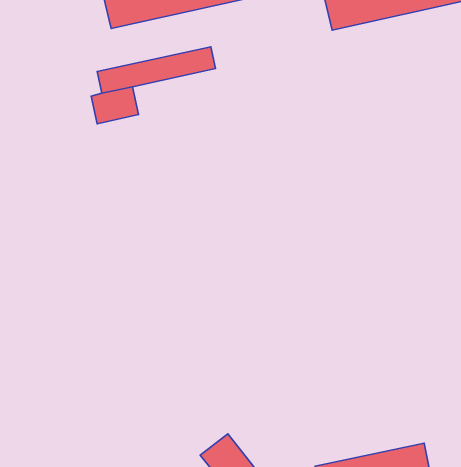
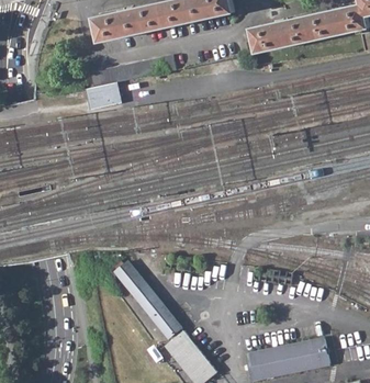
building: none -> [114,262,181,338]

